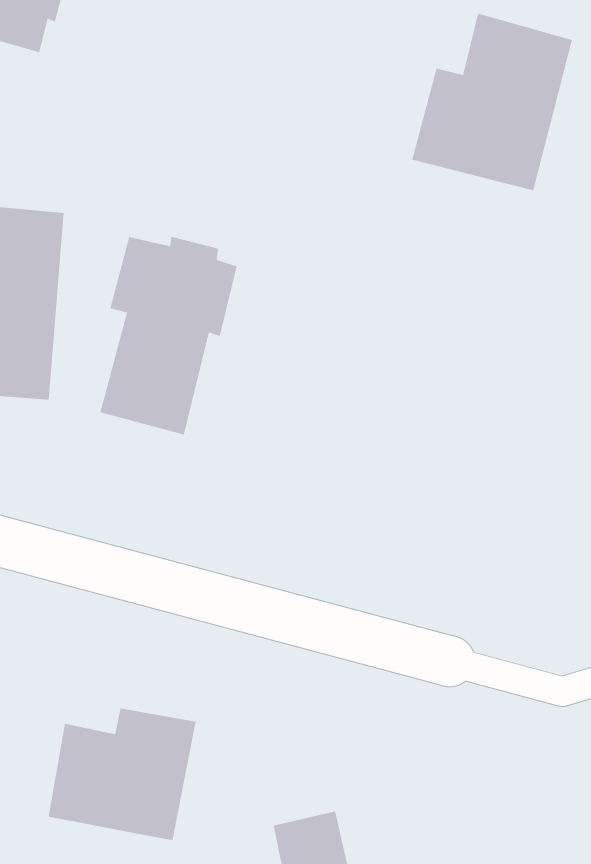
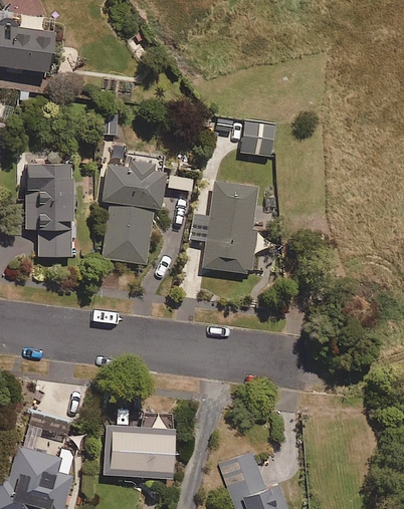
building: [411,13,573,191] -> none
building: none -> [241,120,274,157]
building: none -> [192,183,257,274]

